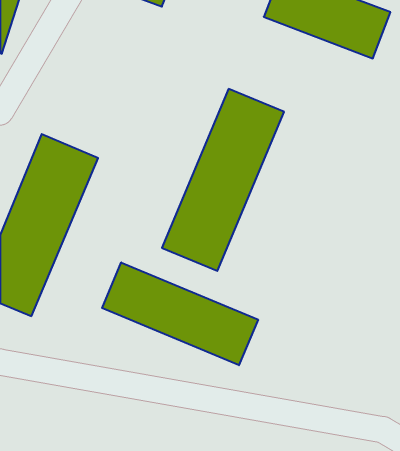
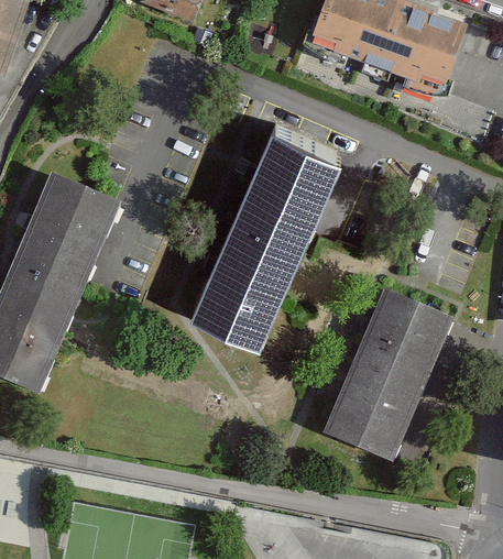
building: none -> [324,289,451,462]
building: [102,262,258,365] -> none

